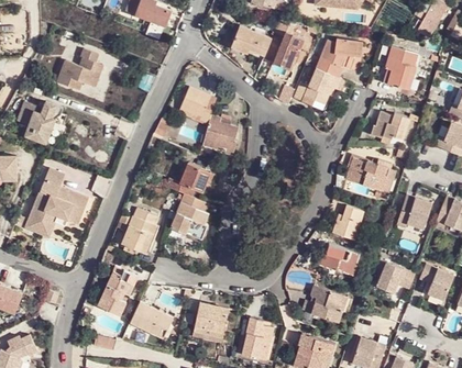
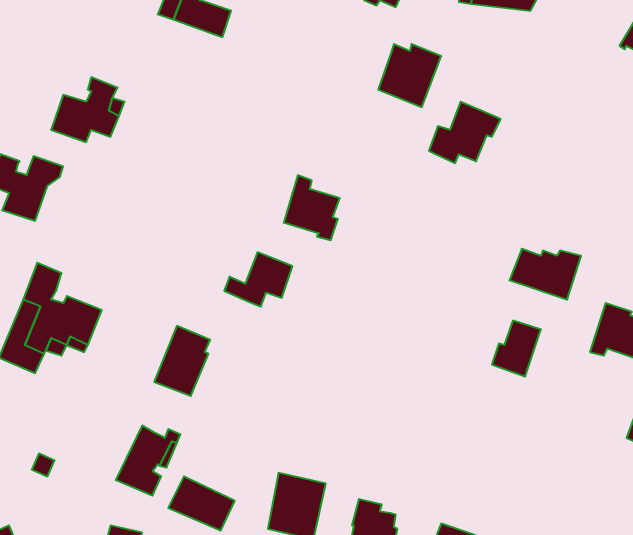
building: [230,25,271,59] -> none
building: [315,38,358,77] -> none
building: [380,44,417,87] -> none
building: [182,88,217,124] -> none
building: [371,111,408,136] -> none
building: [172,193,208,237] -> none
building: [319,242,360,274] -> none
building: [377,264,415,292] -> none
building: [304,285,349,321] -> none

